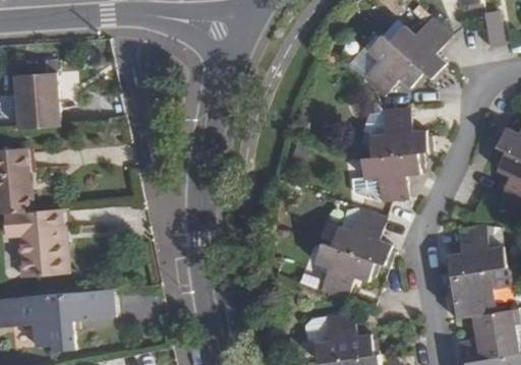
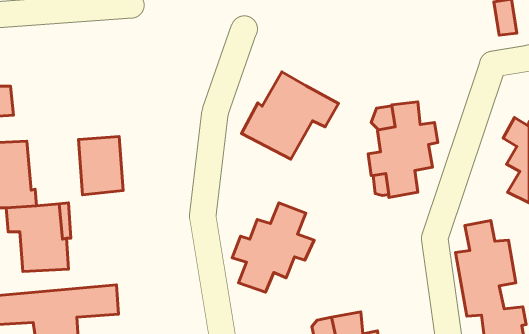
building: [361,16,451,98] -> none
building: [19,71,63,128] -> [78,136,123,195]
building: none -> [241,72,338,159]
building: [313,210,394,298] -> [232,203,314,292]

